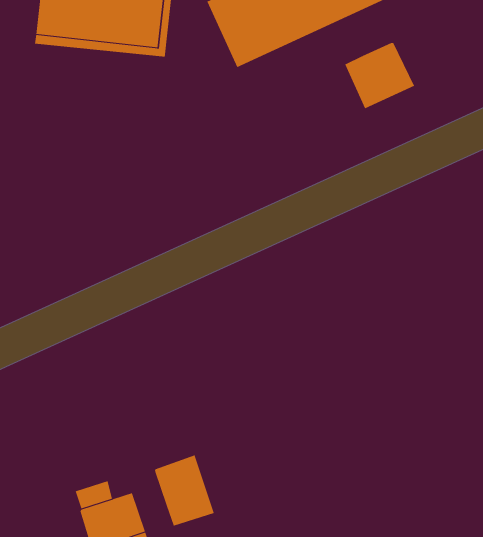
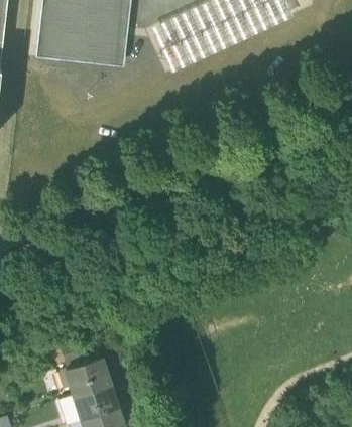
building: [345,42,415,109] -> none
building: [155,454,214,526] -> none

